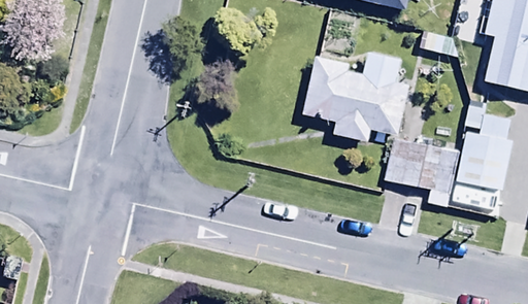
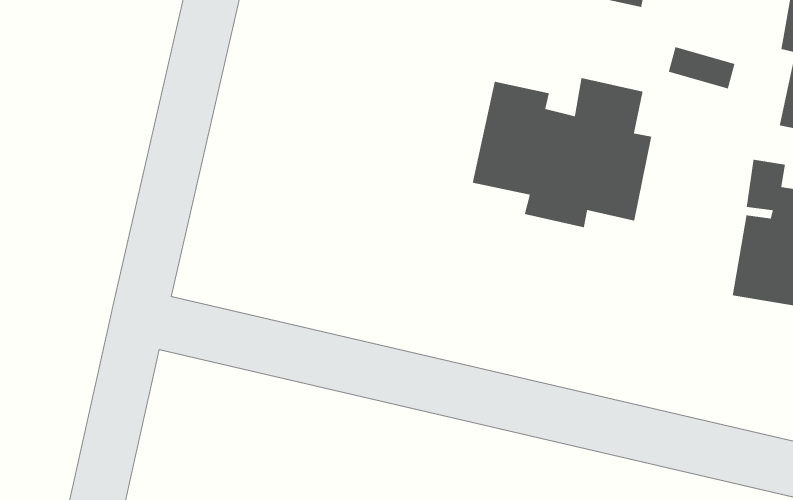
building: [384,139,457,206] -> none

